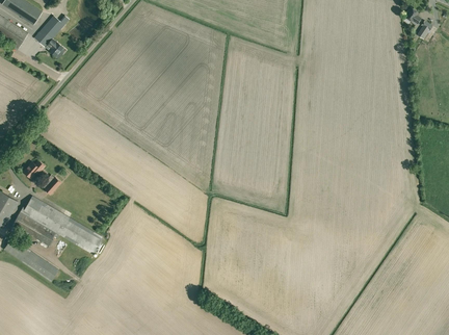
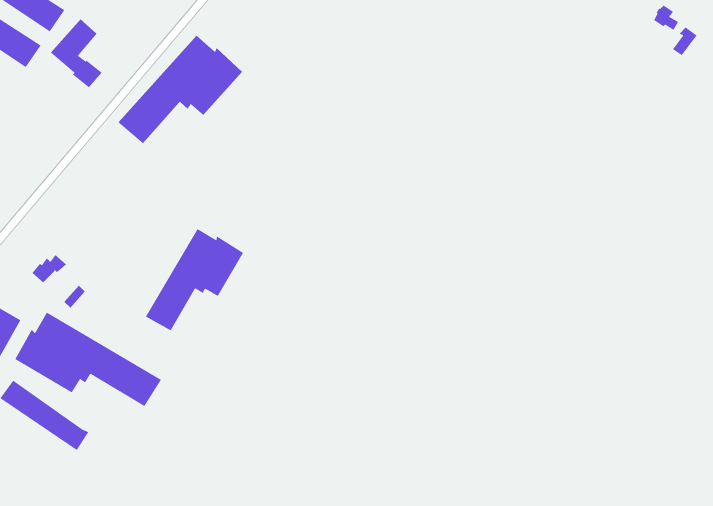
building: none -> [118,35,243,144]
building: none -> [145,228,244,331]

